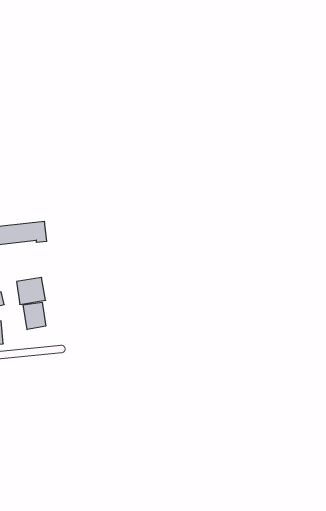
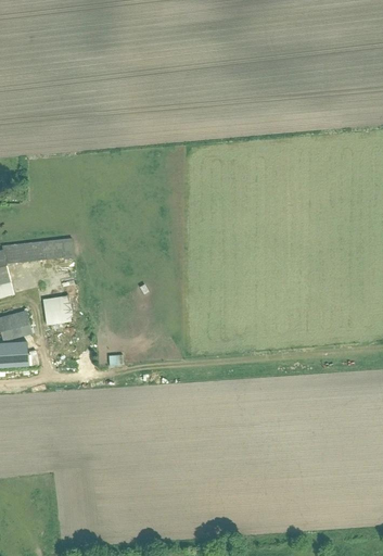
building: [23,302,46,330] -> none

